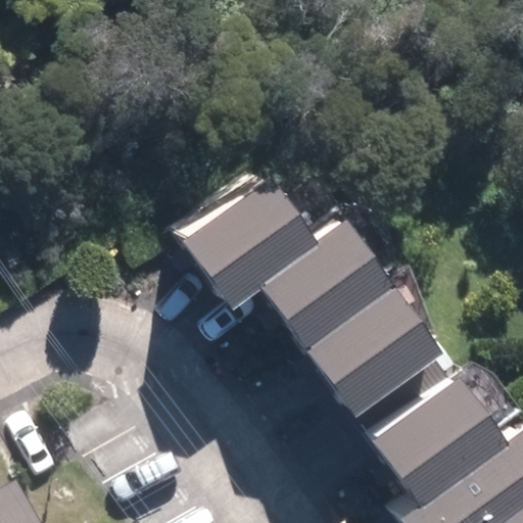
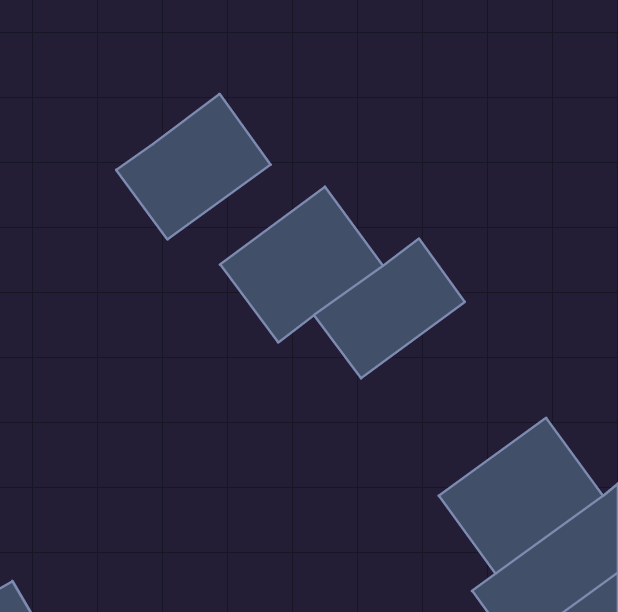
building: none -> [116,94,271,239]
building: [298,266,435,397] -> none

